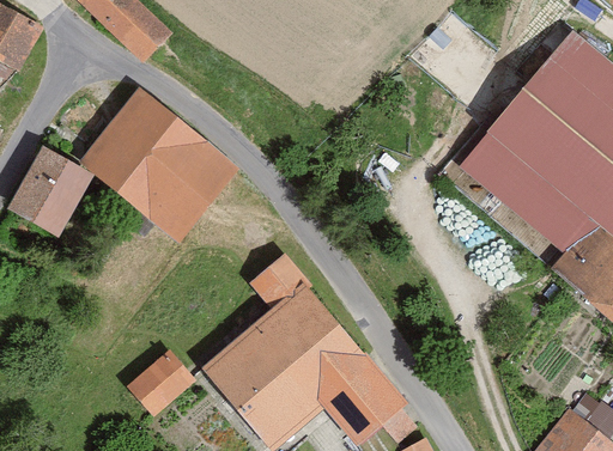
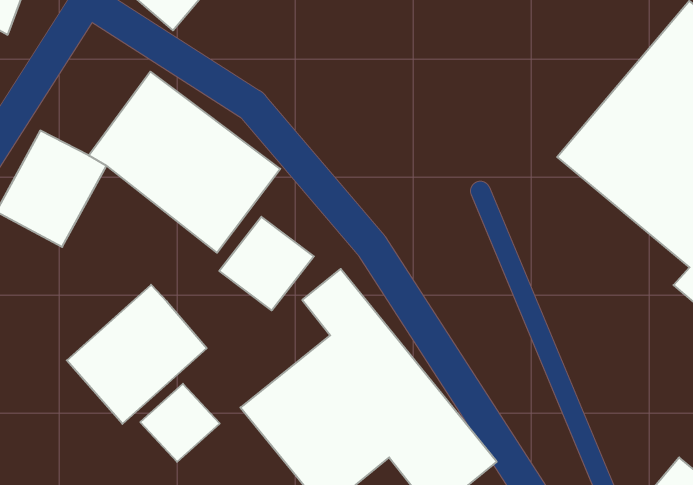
building: none -> [219,217,314,310]
building: none -> [67,285,207,424]

